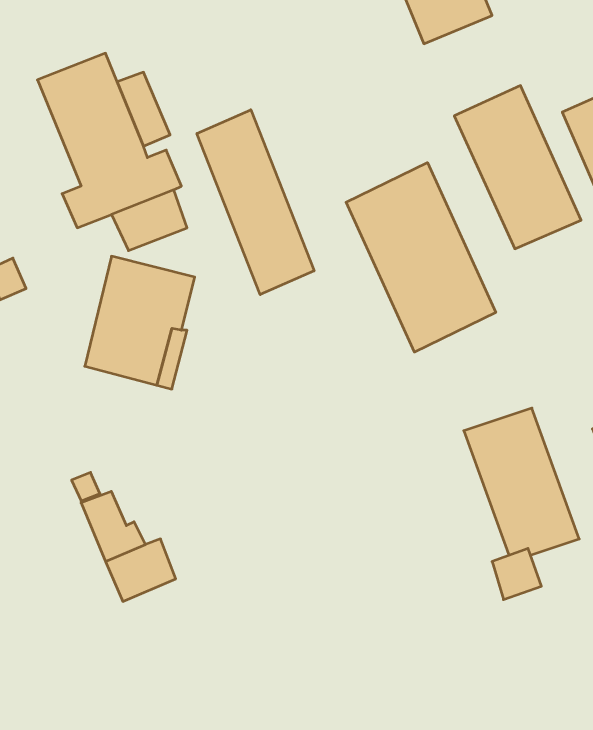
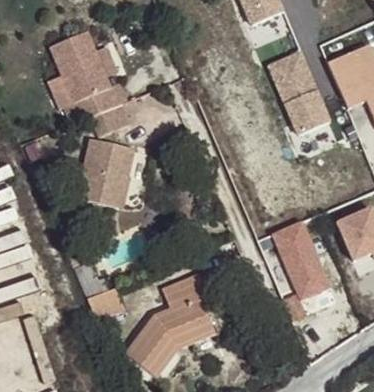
building: [197,110,314,295] -> none
building: [346,163,496,352] -> none
building: none -> [124,274,212,376]

